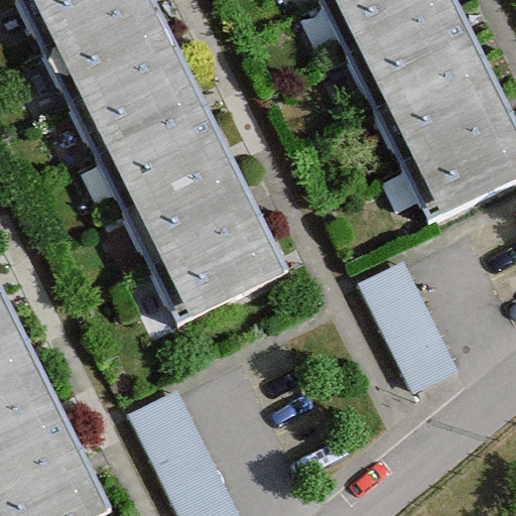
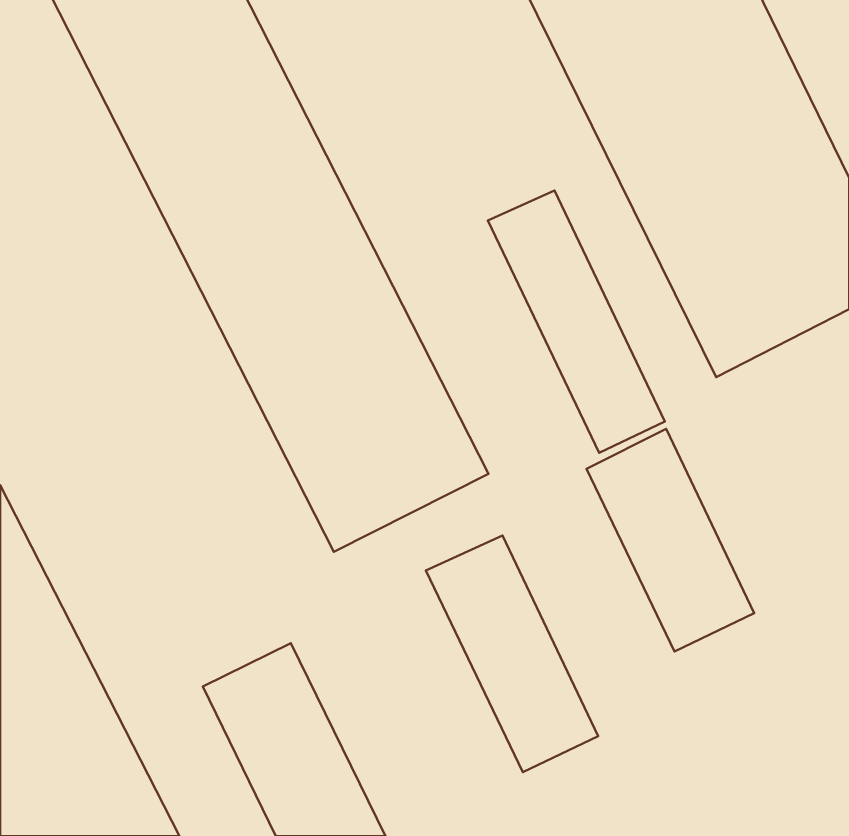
building: none -> [488,191,665,453]
building: none -> [426,535,598,772]

